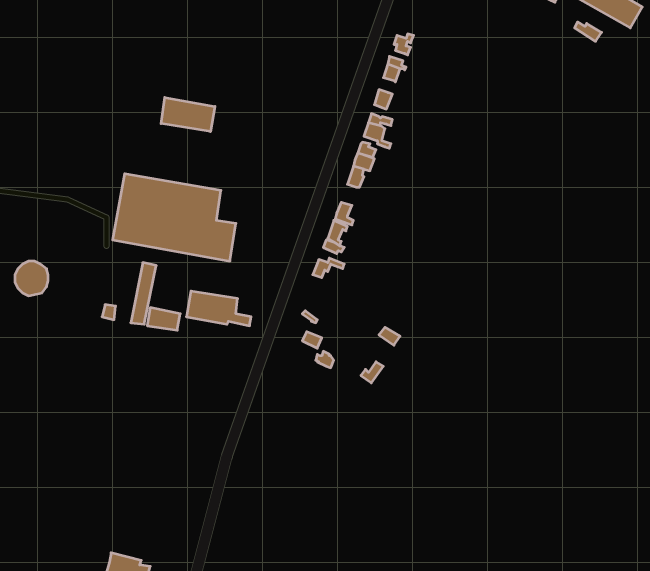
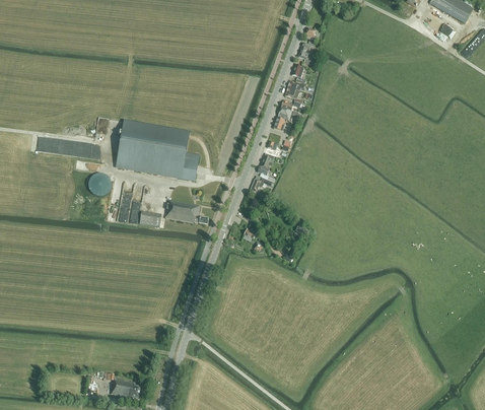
building: [161,97,215,132] -> none
building: [15,261,48,296] -> [88,174,111,197]

